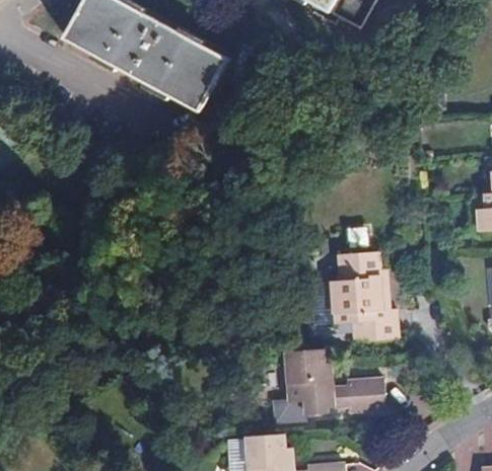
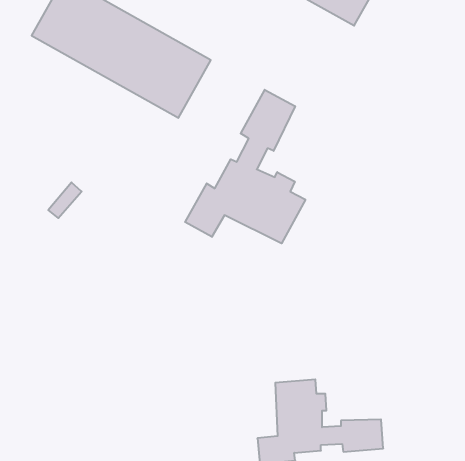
building: none -> [185,90,305,243]
building: [331,250,397,342] -> none

